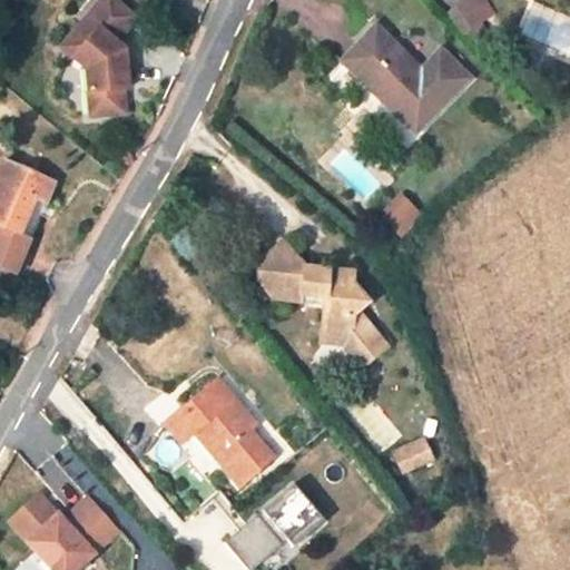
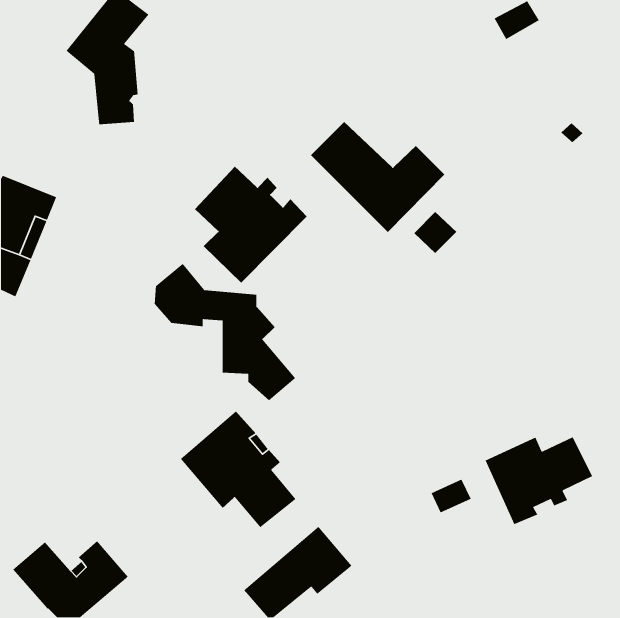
building: [343,28,466,130] -> [310,121,445,233]
building: none -> [194,166,308,284]
building: [258,240,389,367] -> [154,263,296,401]
building: none -> [484,436,593,525]

